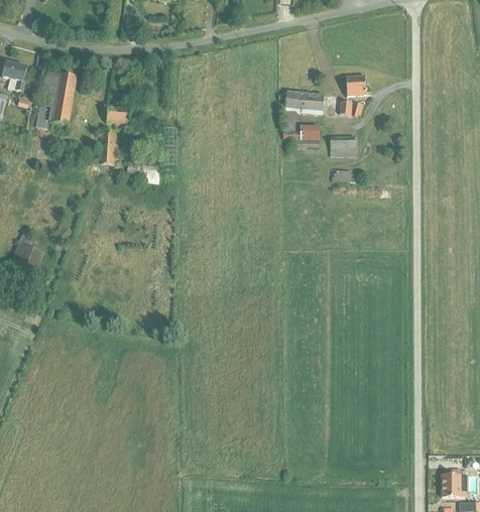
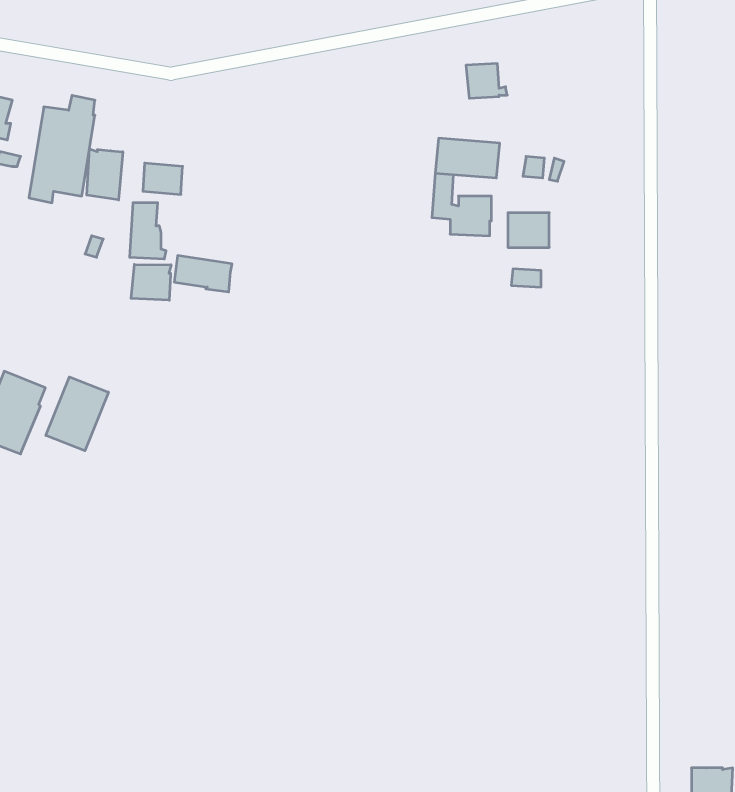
building: [346,75,371,96] -> [466,64,507,98]
building: none -> [87,149,123,200]
building: none -> [131,264,171,300]
building: none -> [46,377,108,451]

